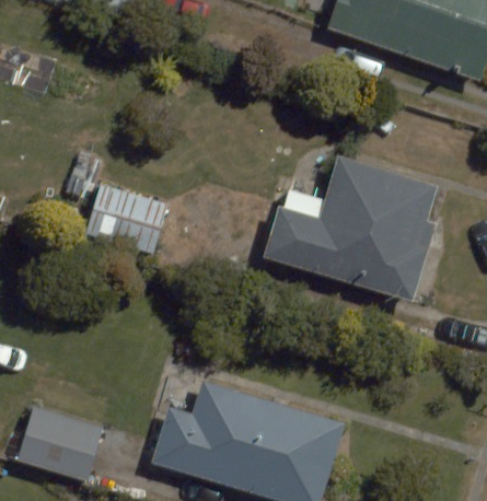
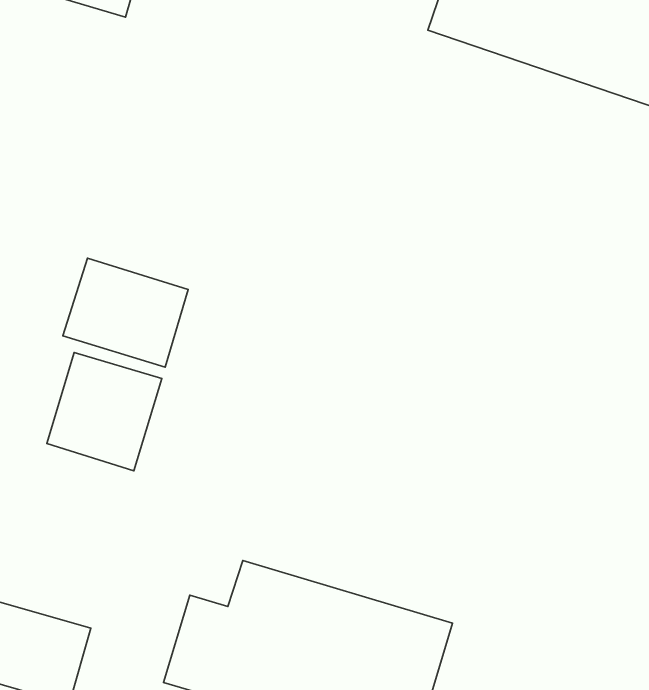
building: [266,159,436,299] -> none
building: none -> [47,353,162,471]

